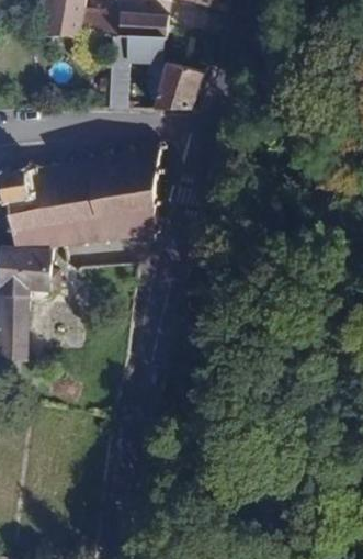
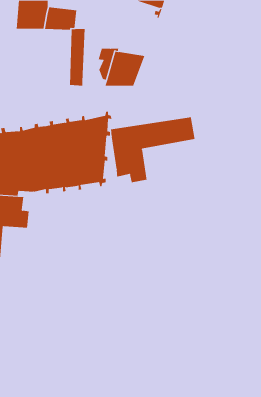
building: [117,13,167,37] -> none
building: none -> [110,116,195,183]

